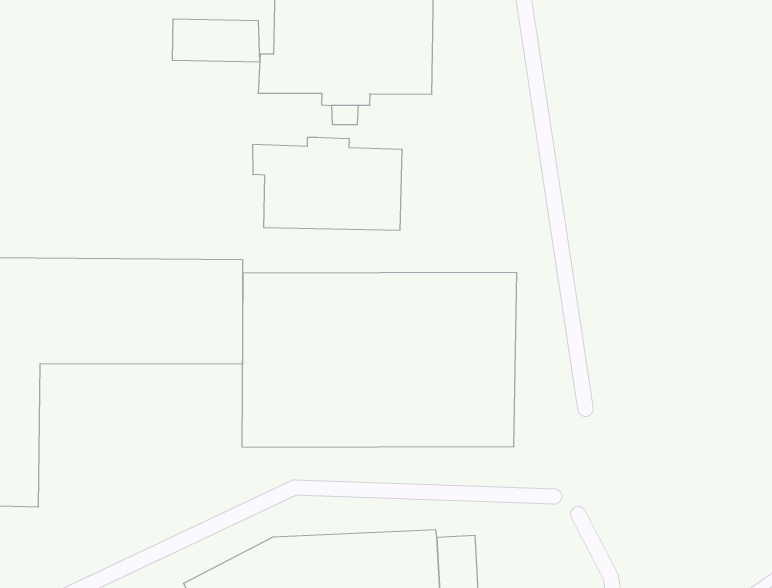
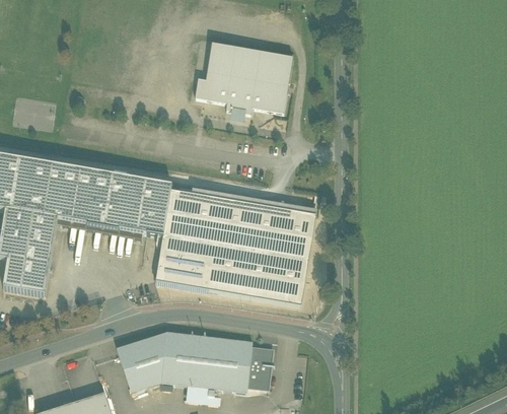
building: [172,19,260,62] -> none
building: [253,137,402,230] -> none

